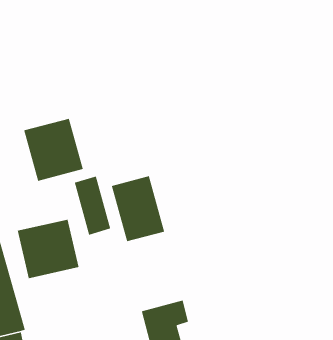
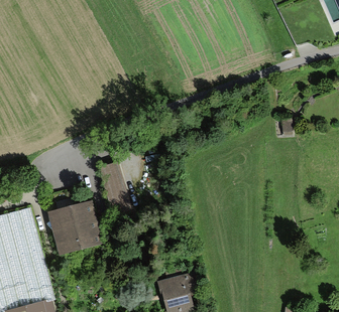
building: [23,118,84,182] -> none
building: [111,175,165,242] -> none

